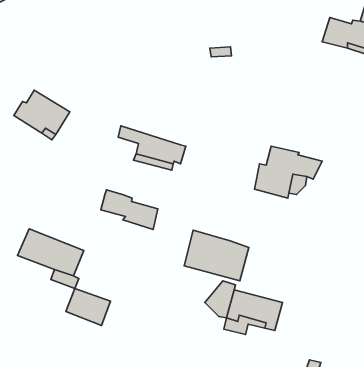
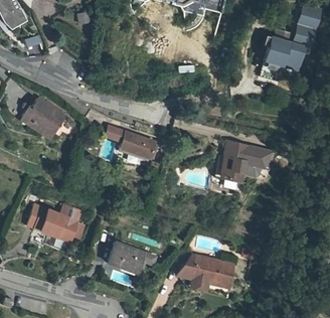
building: [101,190,158,229] -> none
building: [184,230,249,281] -> none
building: [66,289,111,325] -> [109,246,144,275]

